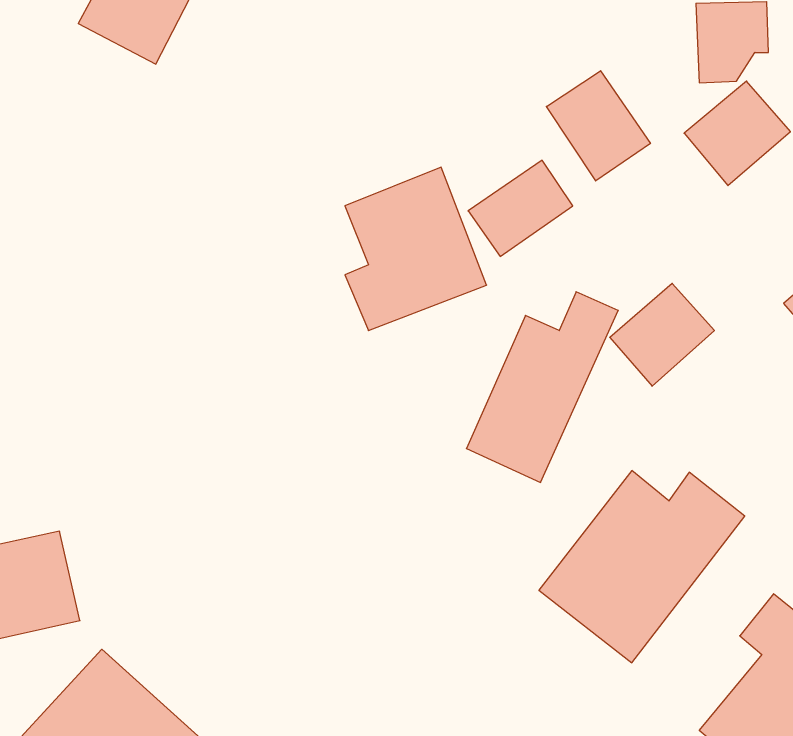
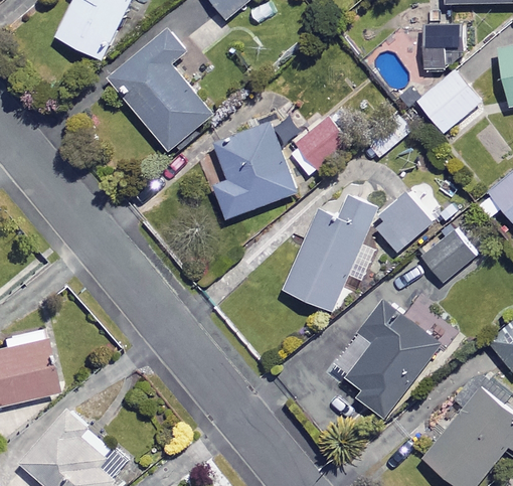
building: none -> [107,26,213,153]
building: [546,71,650,181] -> none
building: none -> [420,231,474,284]

